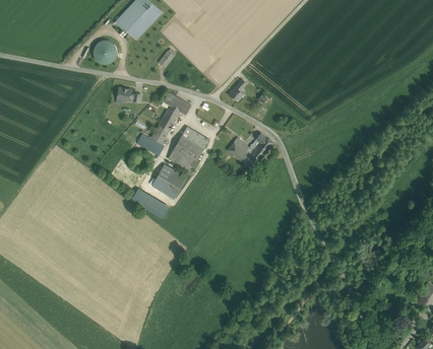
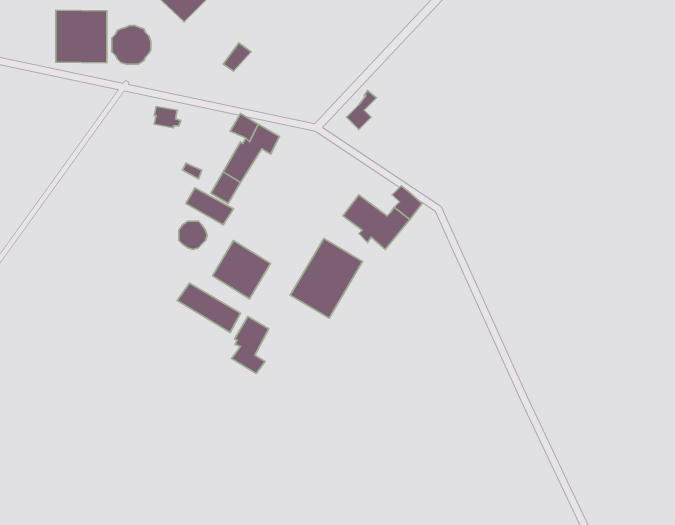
building: none -> [56,10,107,63]
building: [167,126,208,171] -> [290,239,363,318]
building: none -> [231,317,269,373]

